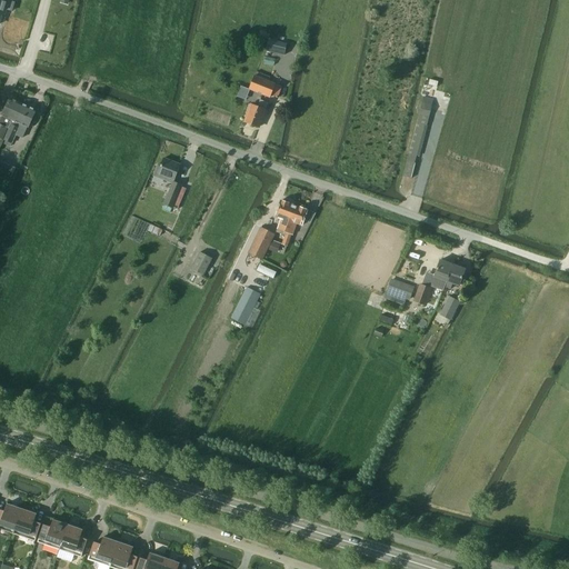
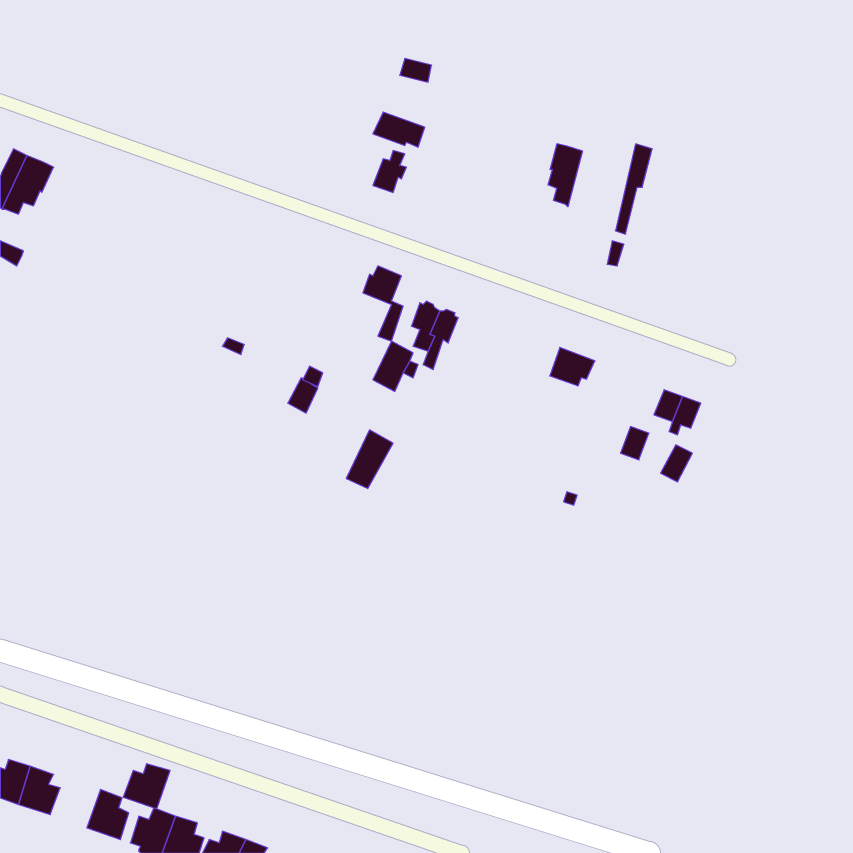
building: none -> [548,144,582,207]
building: [156,158,182,208] -> [363,266,403,341]
building: [386,278,416,303] -> [550,347,595,386]
building: [37,520,68,550] -> [123,764,170,809]

